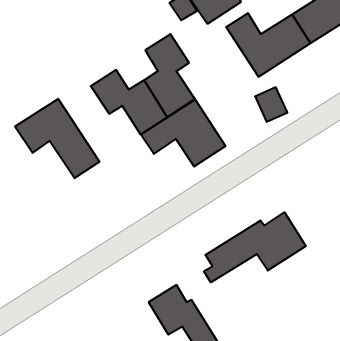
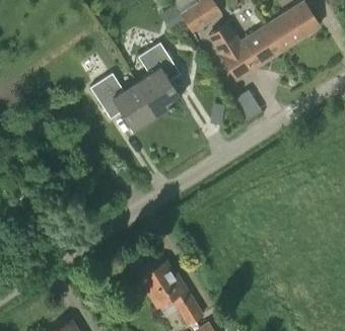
building: [15,99,99,178] -> none
building: [141,99,225,167] -> none
building: [204,212,306,282] -> none

